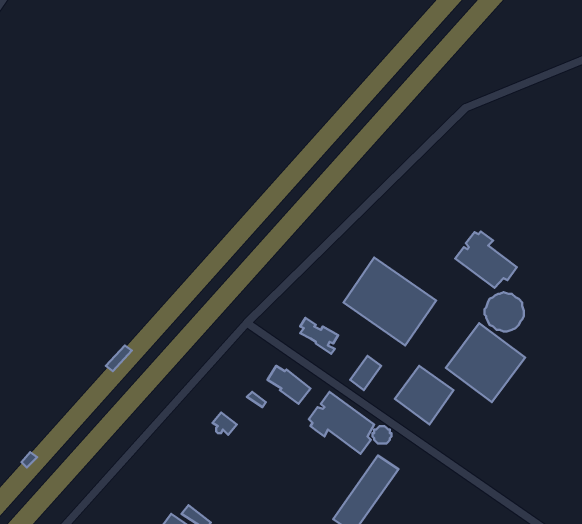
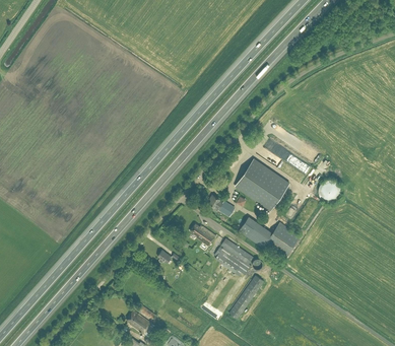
building: [455,232,517,288] -> none
building: [446,323,525,402] -> none

